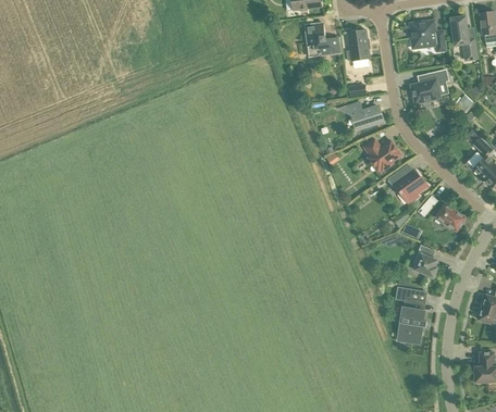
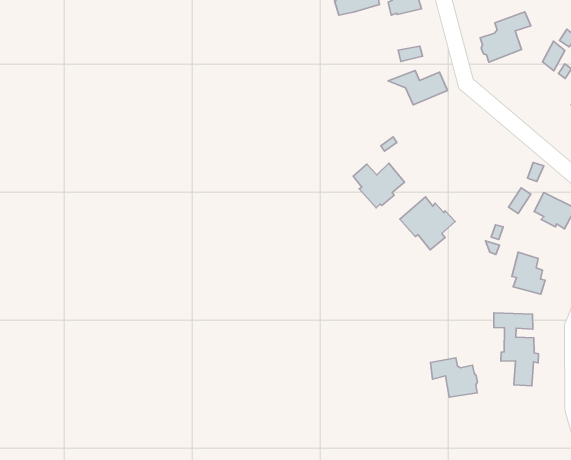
building: [364,139,401,172] -> [353,163,404,208]
building: [388,164,429,203] -> [400,197,455,250]
building: none -> [430,358,477,397]

